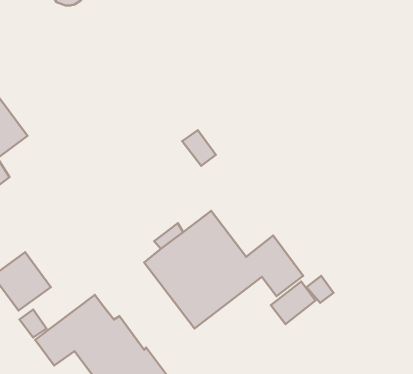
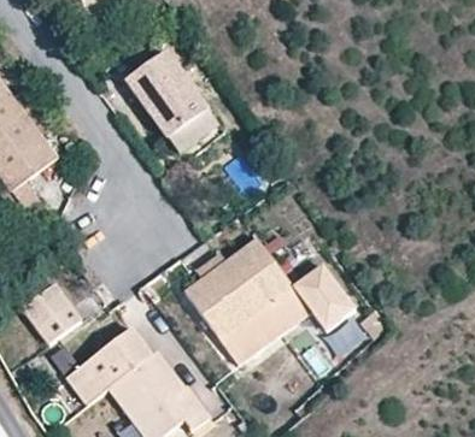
building: none -> [125,51,218,153]

